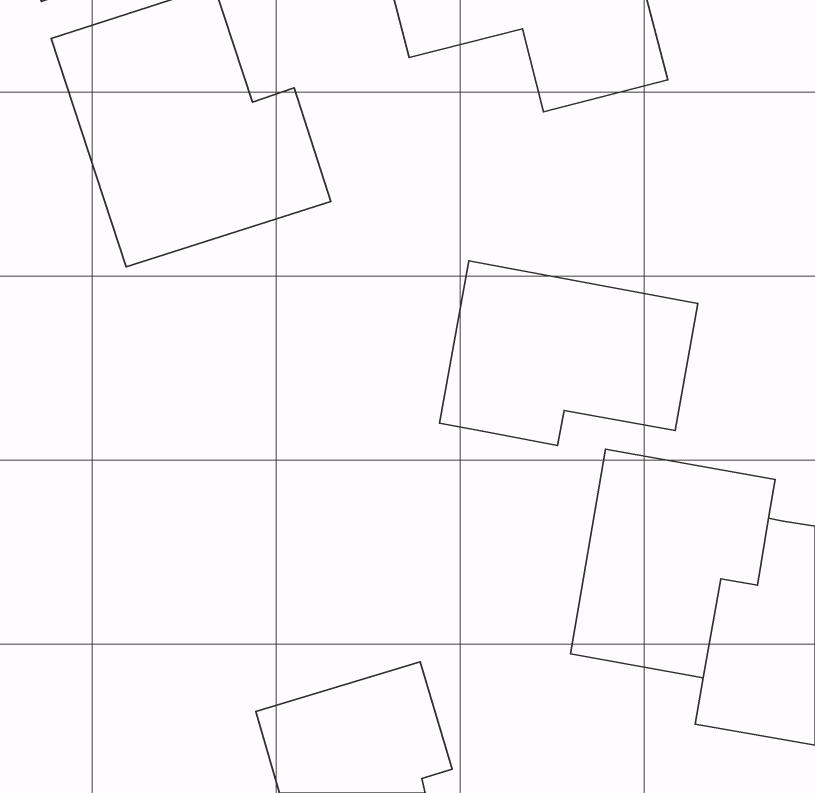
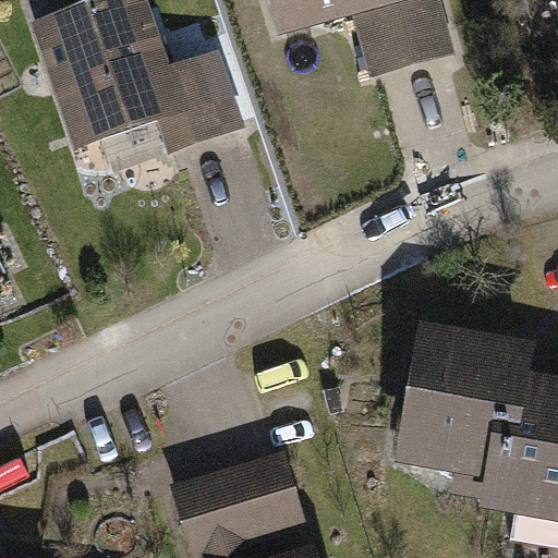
building: [440,261,698,445] -> none

